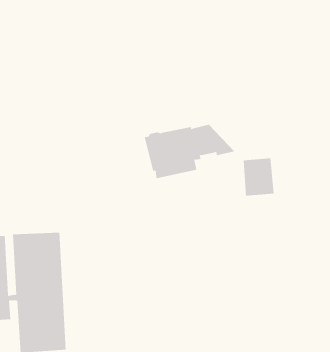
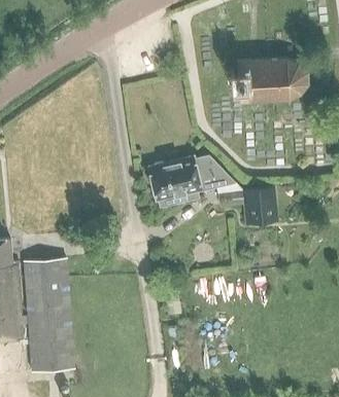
building: none -> [237,60,305,100]

